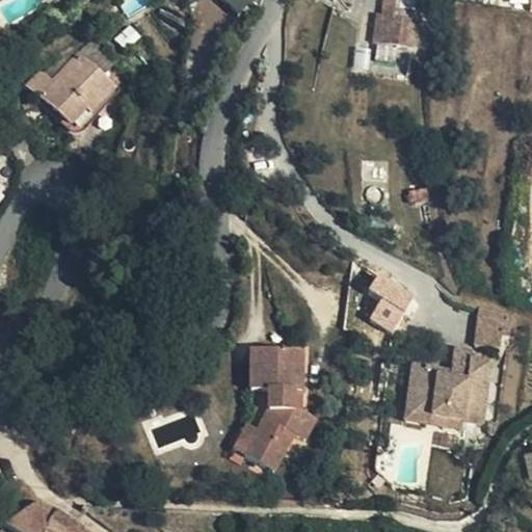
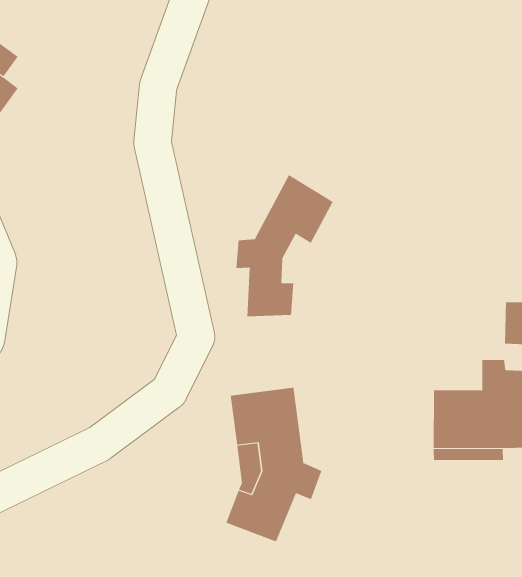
building: none -> [236,174,334,317]
building: [370,268,417,329] -> none

